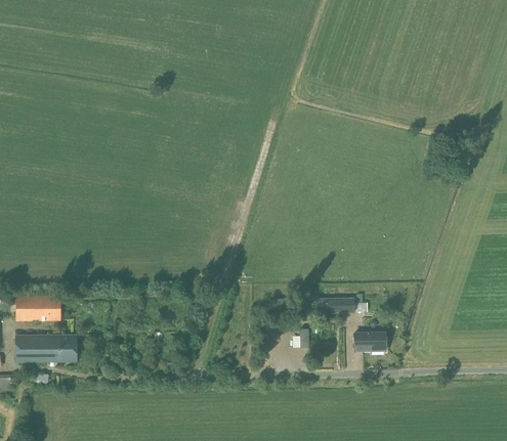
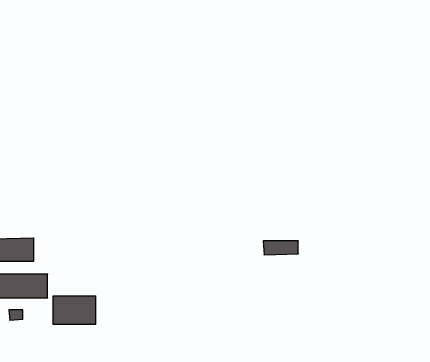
building: [354,333,385,350] -> none
building: none -> [53,296,96,324]

